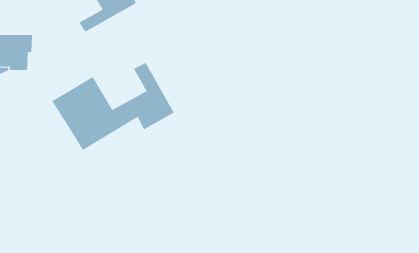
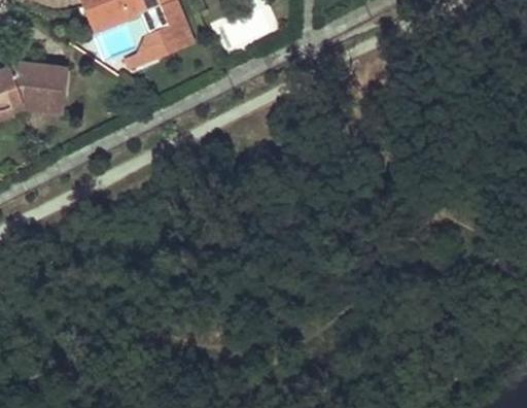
building: [51,62,174,151] -> none

